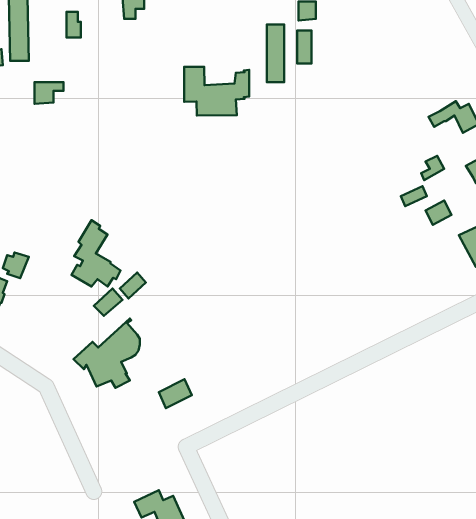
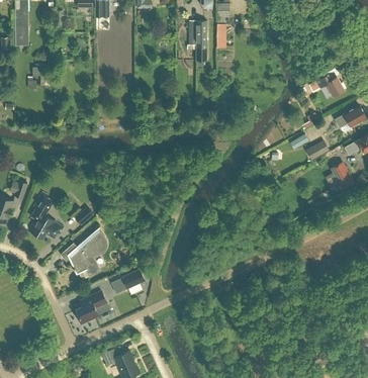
building: [184,67,249,116] -> none
building: [71,220,120,286] -> [28,192,63,239]
building: none -> [75,291,106,322]

